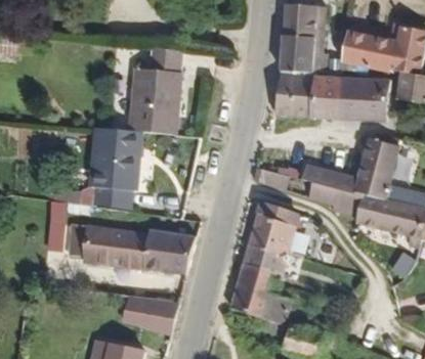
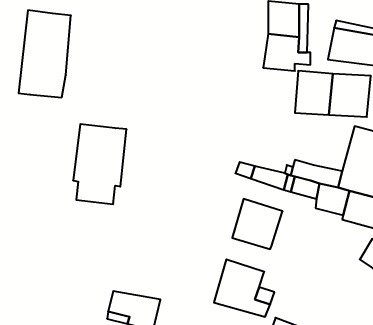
building: [131,49,183,136] -> [19,10,71,97]
building: [273,72,313,117] -> none
building: [41,216,194,272] -> none
building: [242,241,286,275] -> none

